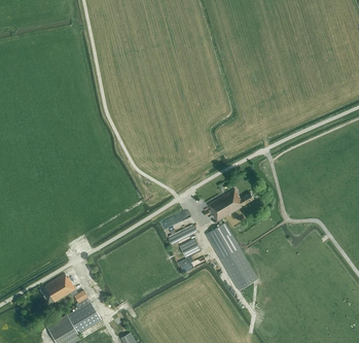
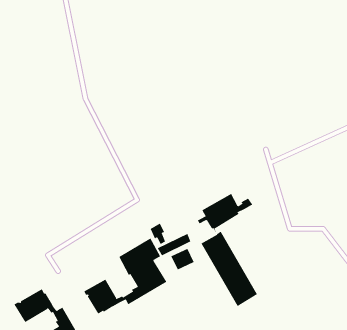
building: none -> [83,237,167,315]

